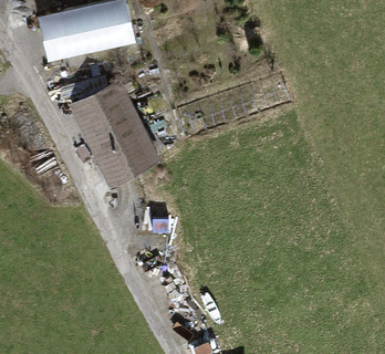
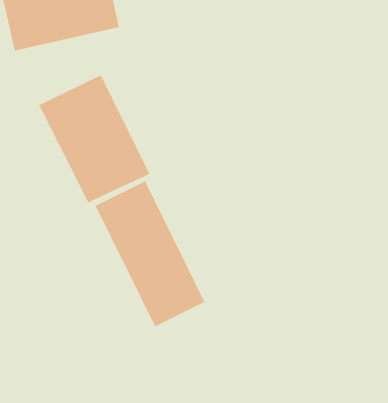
building: none -> [95,180,206,328]

